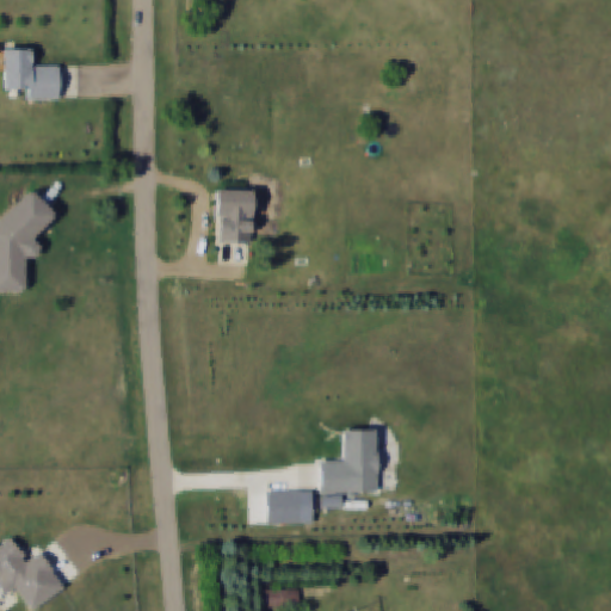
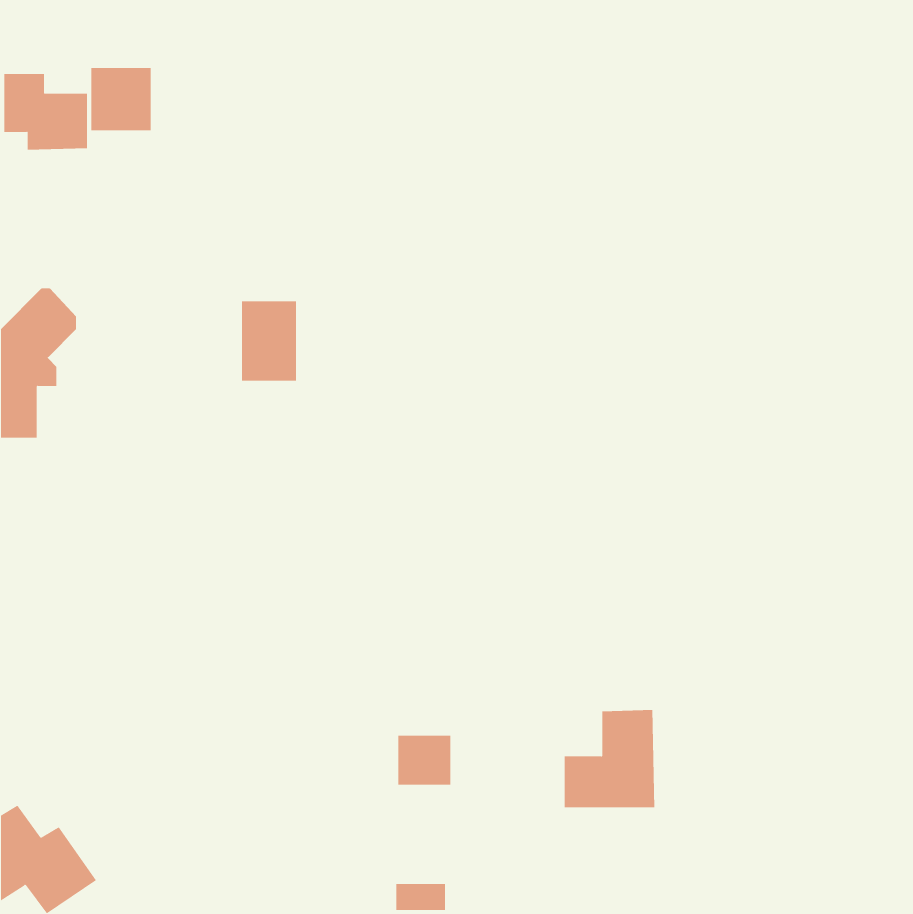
building: none -> [91,67,151,131]
building: [216,190,253,243] -> [241,301,297,381]
building: [319,428,379,494] -> [564,709,655,808]

